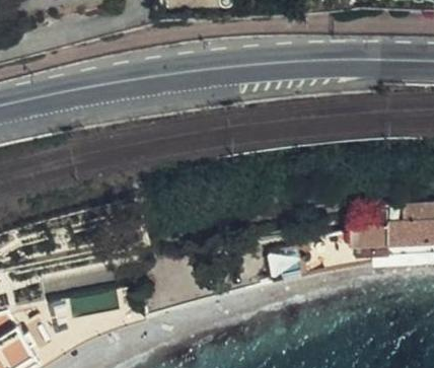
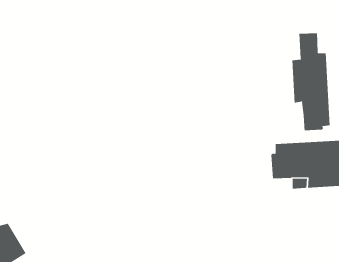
building: none -> [292,32,330,131]

